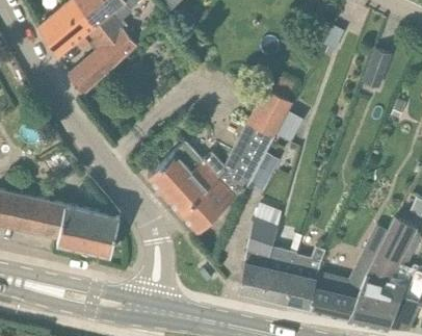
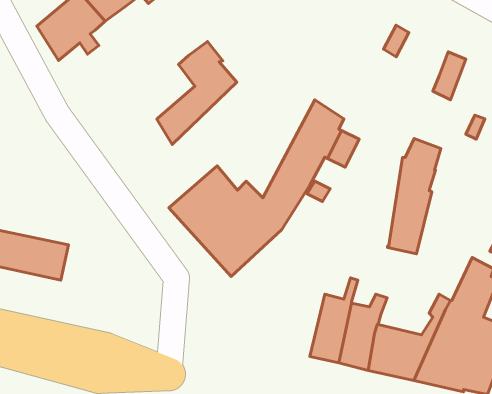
building: [69,12,134,97] -> [157,42,237,144]
building: [238,204,282,299] -> [387,138,441,254]
building: [57,207,120,255] -> none

